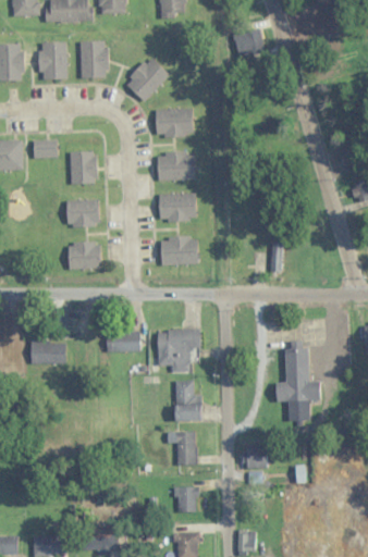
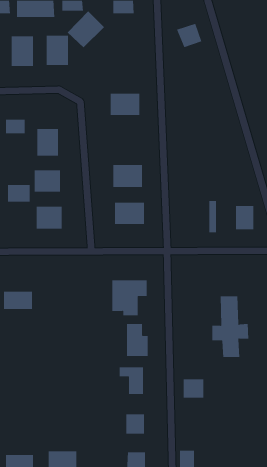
building: [124,57,169,101] -> [67,10,105,48]
building: [158,152,194,180] -> none
building: none -> [7,184,30,202]
building: none -> [236,205,254,230]
building: [105,330,139,352] -> none

